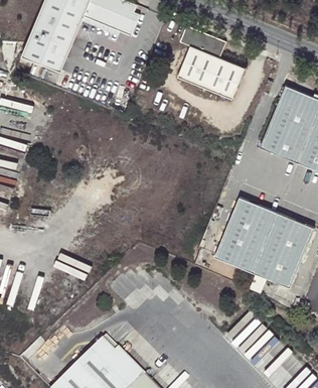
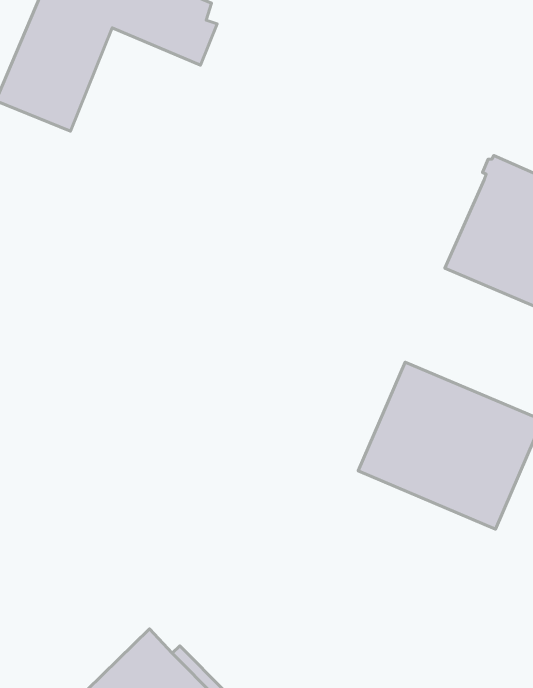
building: [177,24,245,98] -> none

